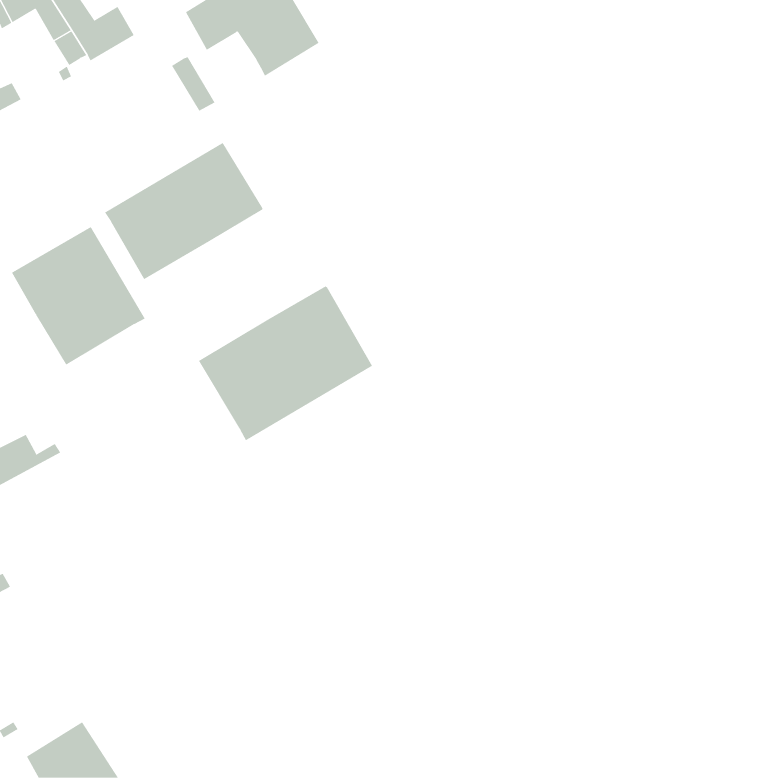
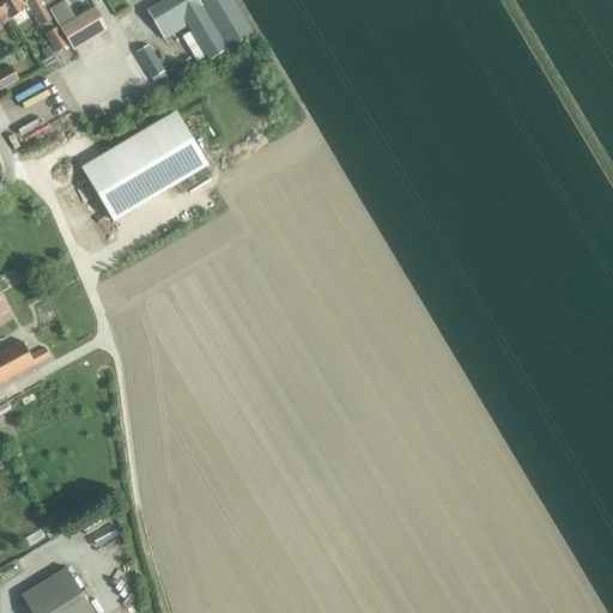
building: [11,226,145,365] -> none
building: [198,286,373,441] -> none

